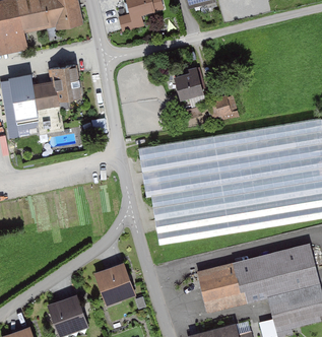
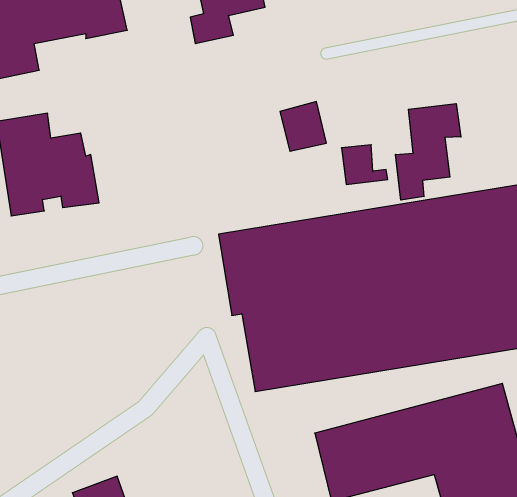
building: [49,64,80,100] -> none
building: none -> [396,104,461,200]
building: [93,263,134,305] -> none

